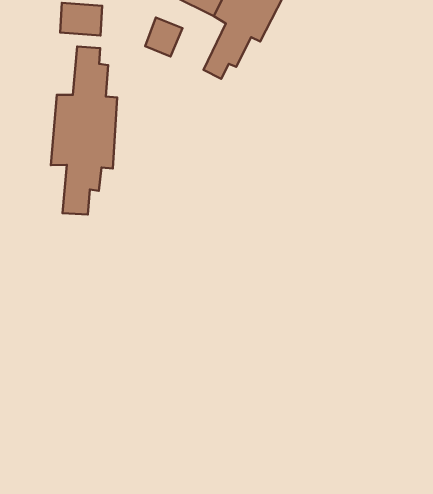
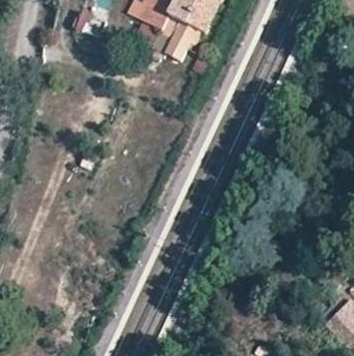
building: [51,46,117,214] -> none

